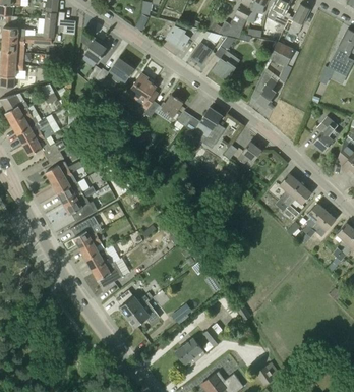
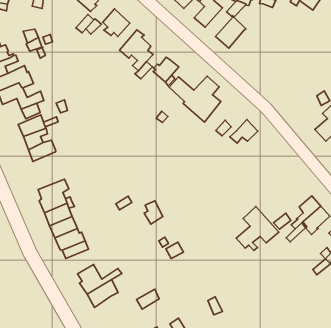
building: [271,42,299,67] -> none
building: [255,67,280,109] -> none
building: [275,173,312,213] -> [236,207,279,250]
building: [63,187,98,222] -> none

